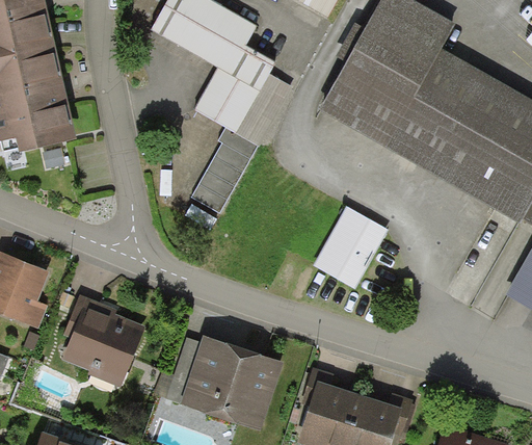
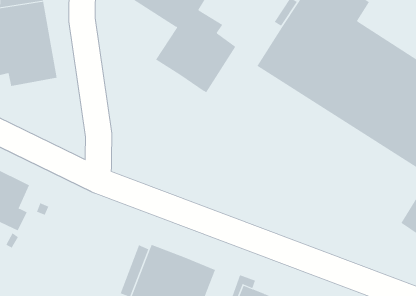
building: [191,127,257,213] -> none
building: [314,206,389,288] -> none
building: [61,294,144,387] -> none

